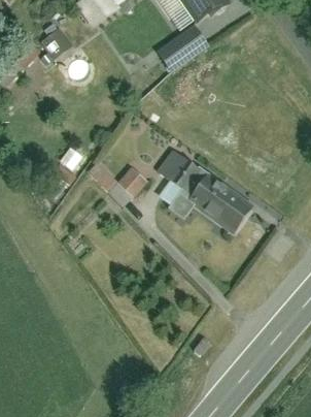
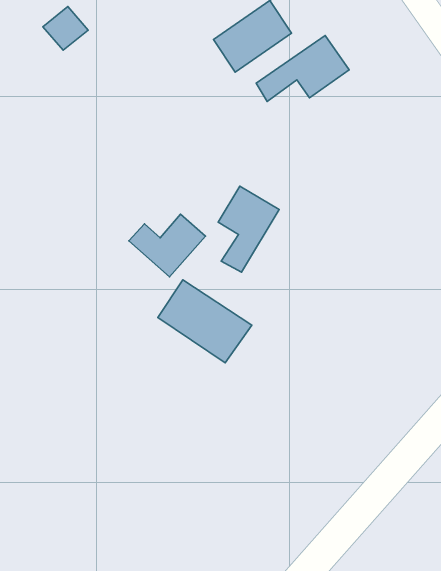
building: none -> [256,35,349,101]
building: [188,178,250,232] -> [158,280,252,363]

